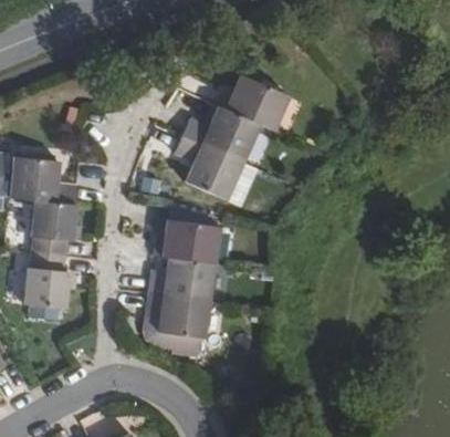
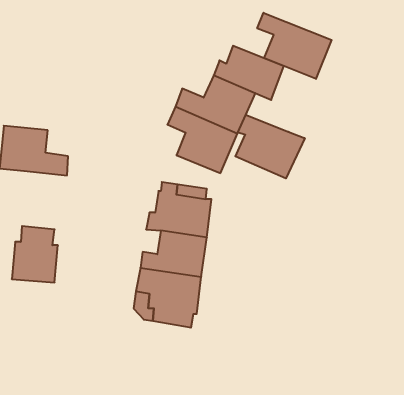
building: none -> [257,13,332,79]
building: none -> [235,115,305,178]
building: [31,199,77,257] -> none

